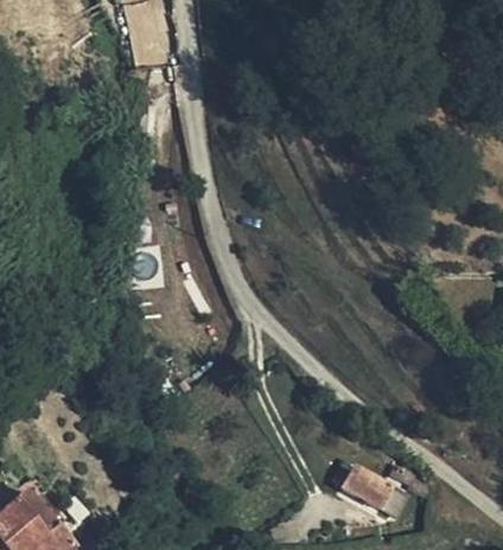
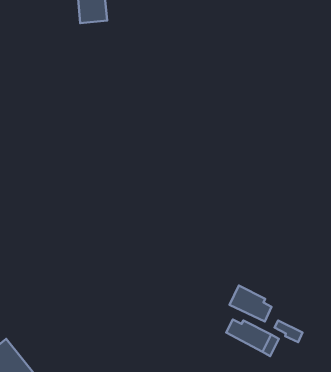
building: none -> [229,286,272,321]

